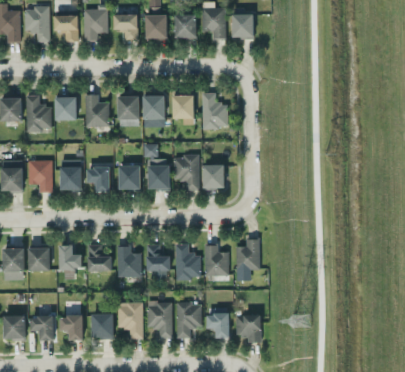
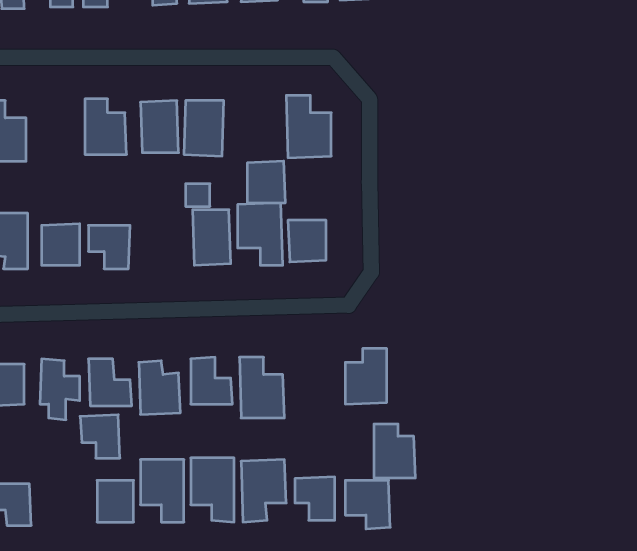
building: [172,95,194,119] -> [247,161,285,203]
building: [55,97,77,121] -> none
building: [118,166,140,190] -> none
building: [204,245,228,276] -> [374,424,415,478]
building: [60,316,83,341] -> [80,415,120,458]

